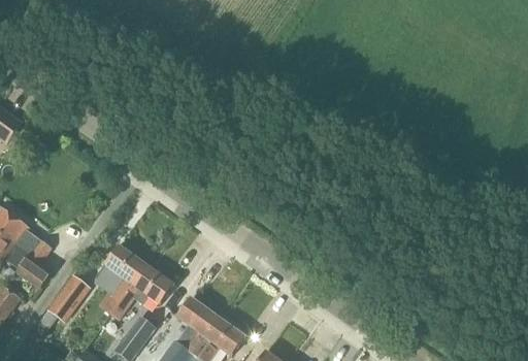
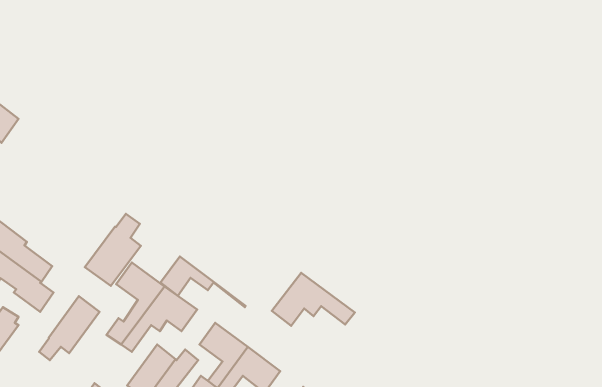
building: none -> [85,214,141,286]
building: none -> [160,256,245,307]
building: none -> [272,273,355,326]

